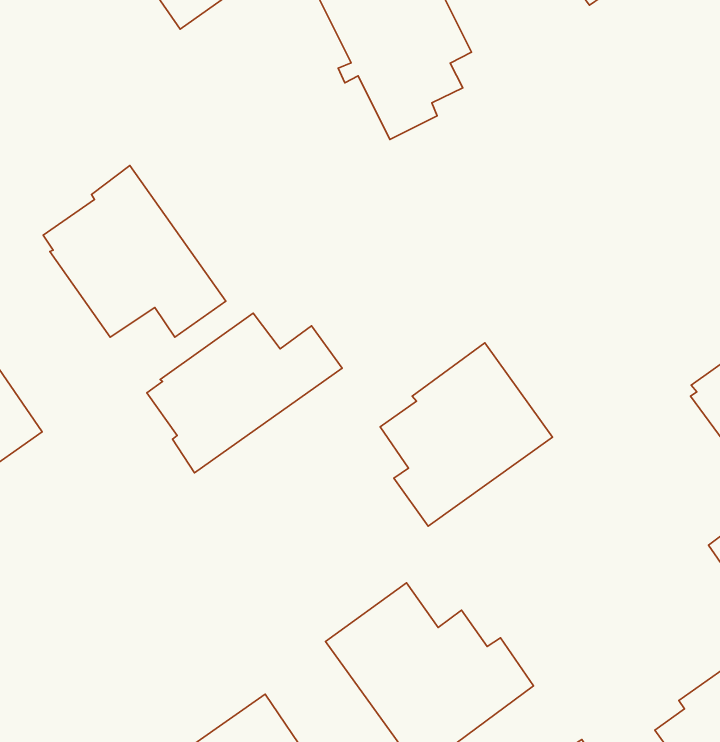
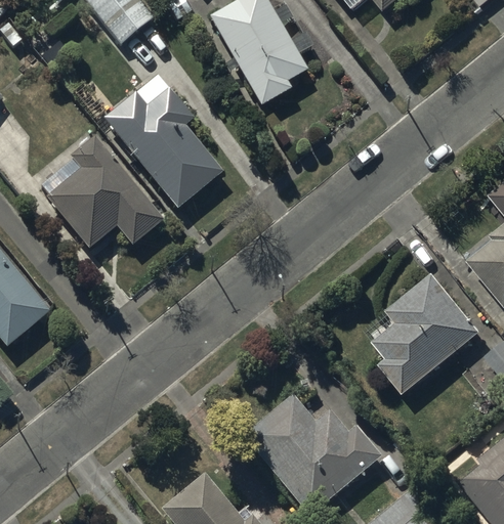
building: none -> [103,86,223,208]
building: [147,313,342,473] -> none
building: [380,343,553,526] -> [368,272,480,394]

